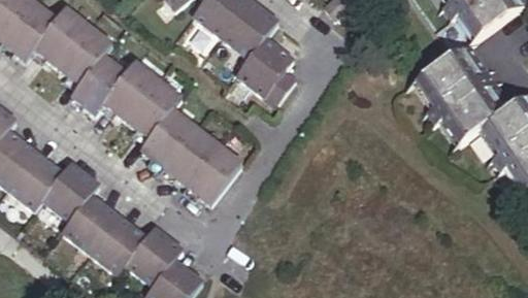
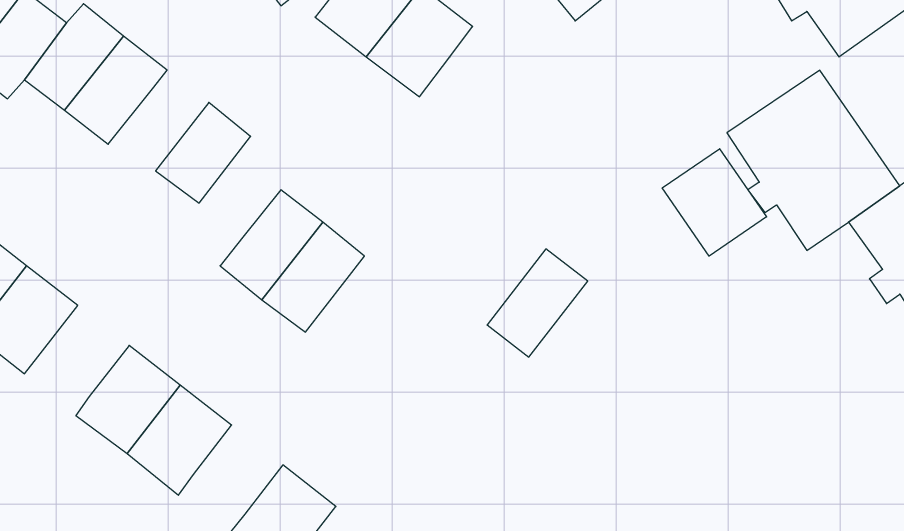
building: [236,37,295,104] -> none
building: [71,54,127,114] -> none
building: [129,80,182,135] -> none
building: none -> [662,149,767,256]
building: [187,145,241,204] -> [487,249,588,357]
building: [41,163,98,222] -> none
building: [126,228,183,286] -> none

